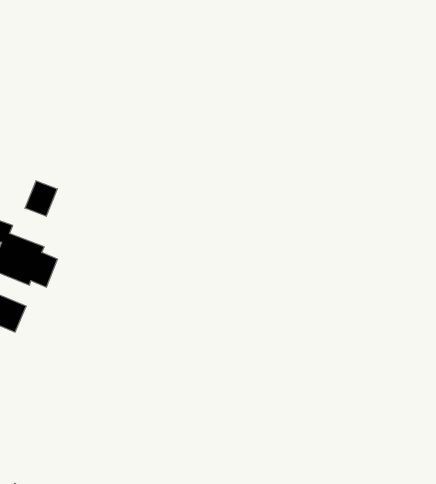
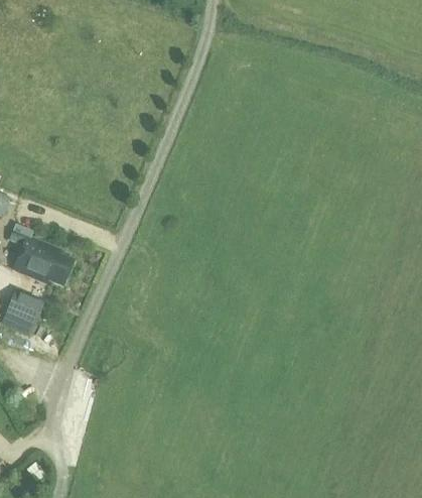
building: [25,181,57,216] -> none

